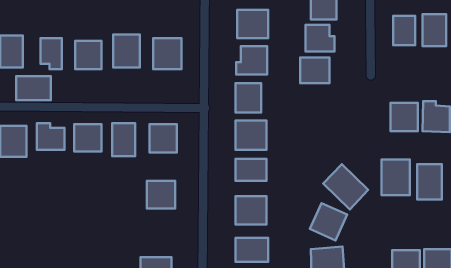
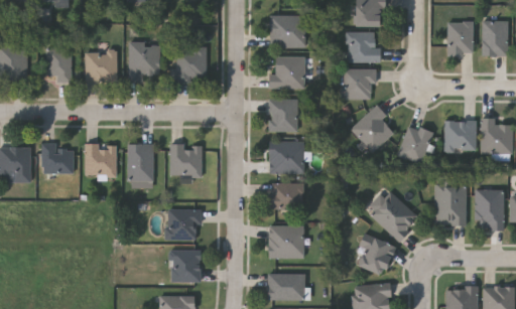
building: [16,76,51,100] -> none
building: none -> [351,105,394,152]
building: none -> [398,124,433,163]
building: none -> [170,250,201,281]

